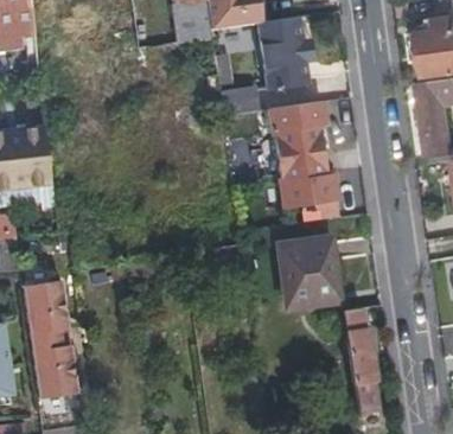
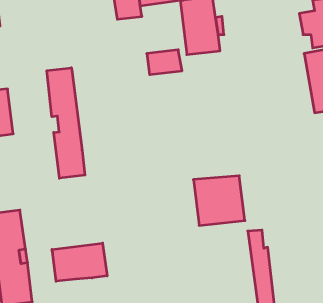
building: [270,97,342,217] -> none
building: none -> [47,68,85,178]
building: none -> [52,243,107,281]

